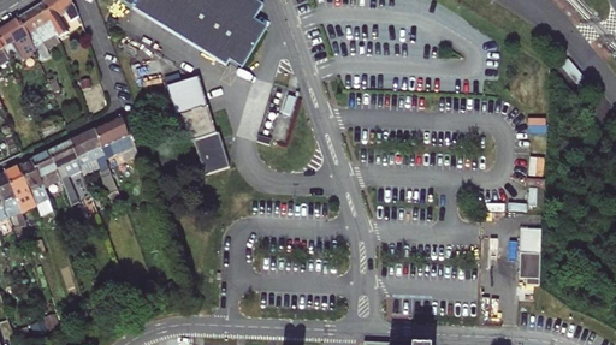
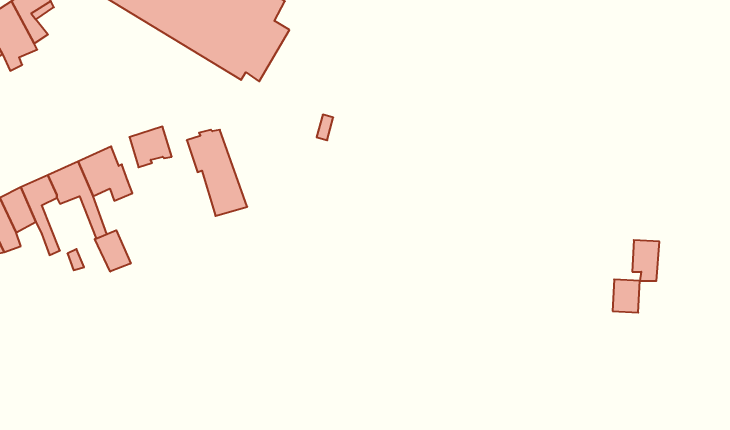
building: [174,81,208,113] -> [129,127,172,167]
building: none -> [95,230,131,272]
building: [520,249,541,281] -> [632,240,659,281]

